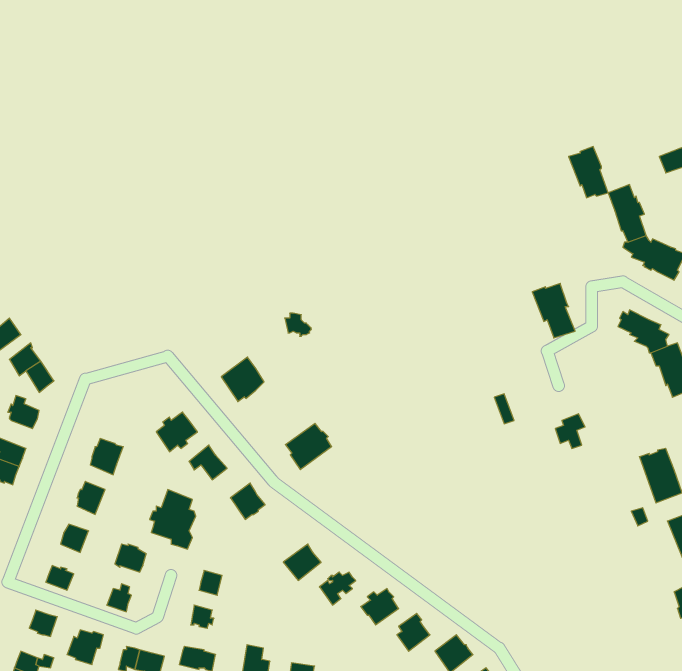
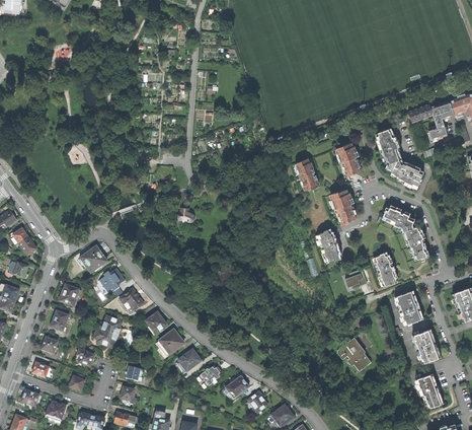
building: [569,147,608,198] -> [336,142,361,173]
building: none -> [297,157,319,190]
building: none -> [319,228,341,261]
building: [221,357,264,402] -> [80,245,106,273]
building: none -> [375,250,398,284]
building: [285,423,332,470] -> [154,330,182,358]
building: none -> [337,336,372,370]

